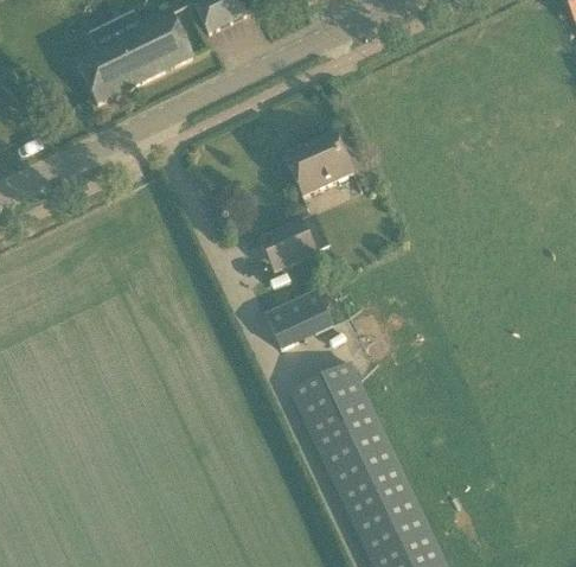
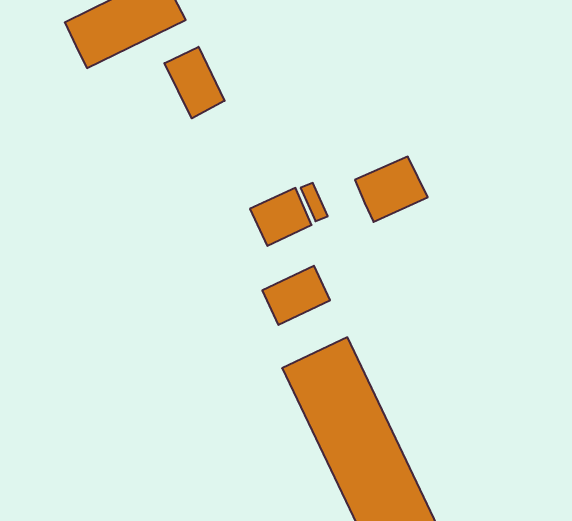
building: none -> [164,47,225,118]
building: [284,130,354,193] -> [355,157,428,222]

